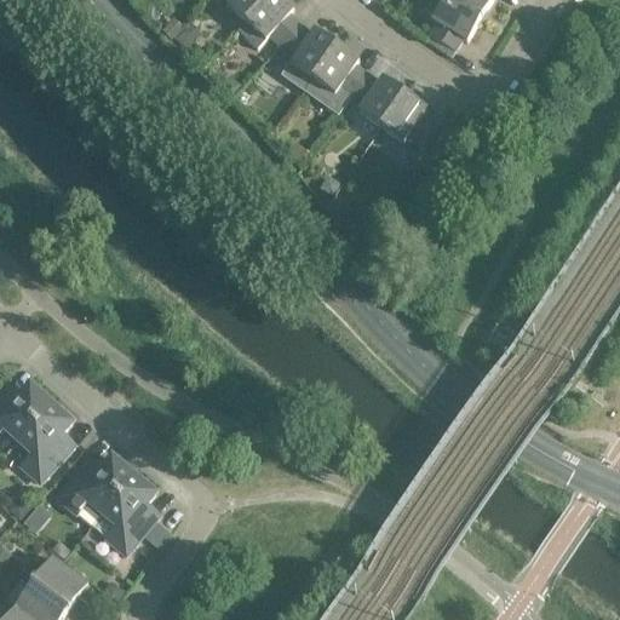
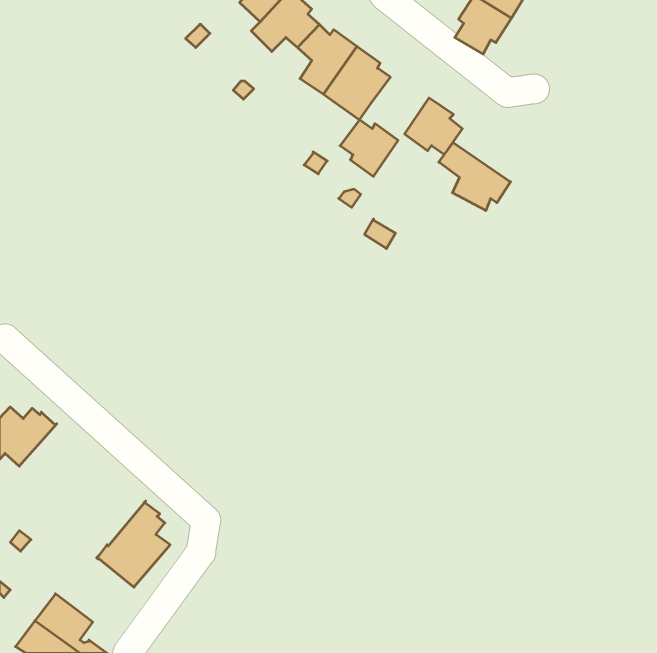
building: [349,73,403,126] -> [340,120,398,176]
building: none -> [439,143,511,211]
building: [18,398,75,481] -> none
building: [58,455,137,522] -> none

